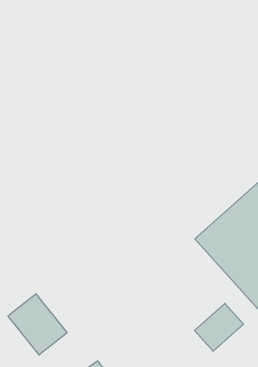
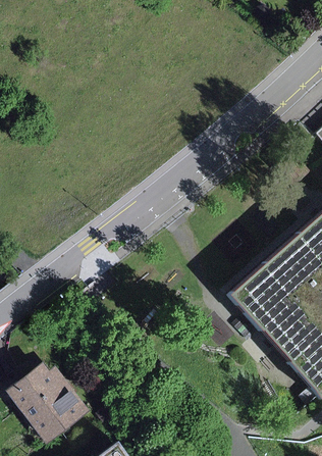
building: [195,303,244,351] -> none

